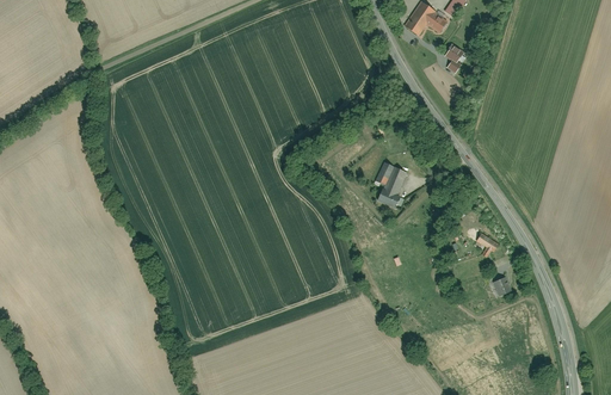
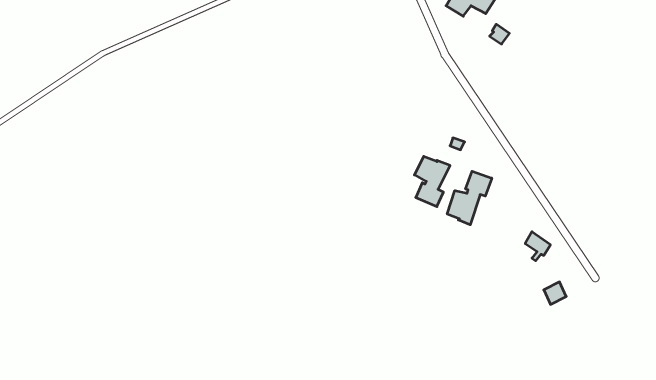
building: none -> [447,171,492,225]

